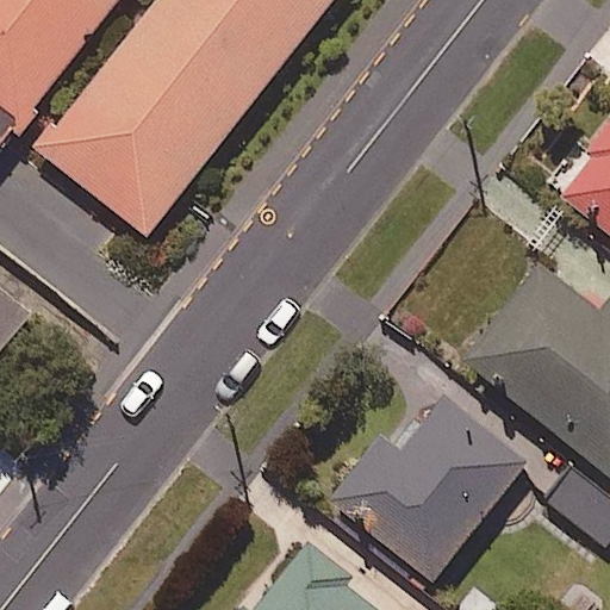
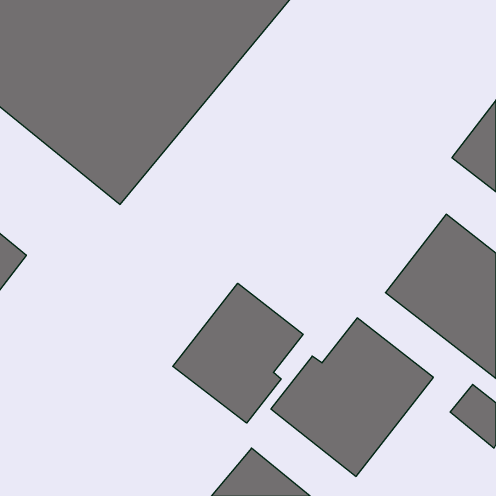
building: none -> [173,283,303,423]

